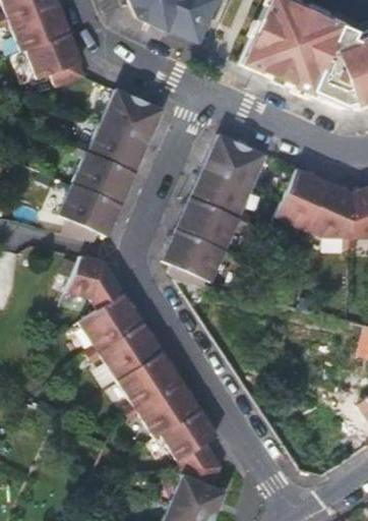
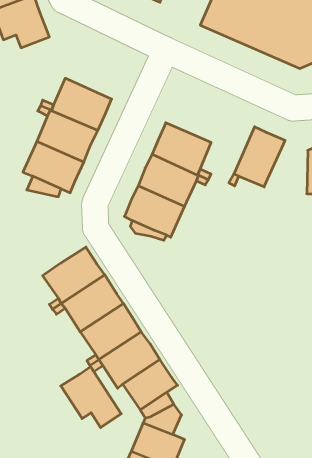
building: [102,88,163,139] -> none
building: [205,133,265,184] -> none
building: [307,182,352,237] -> none
building: [65,255,123,308] -> none
building: none -> [61,366,121,428]

